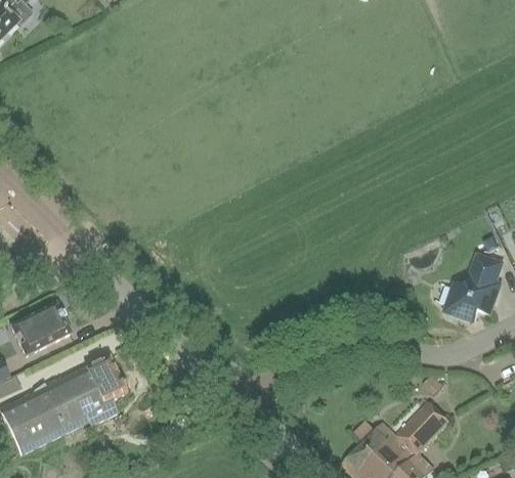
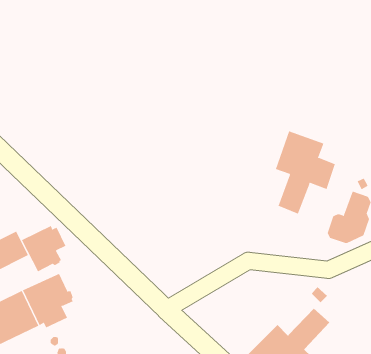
building: none -> [275,130,335,214]
building: none -> [21,225,66,272]

